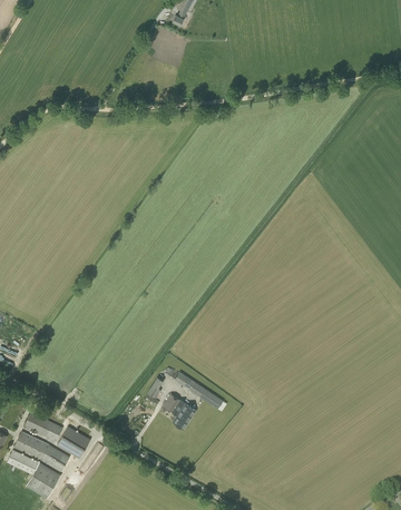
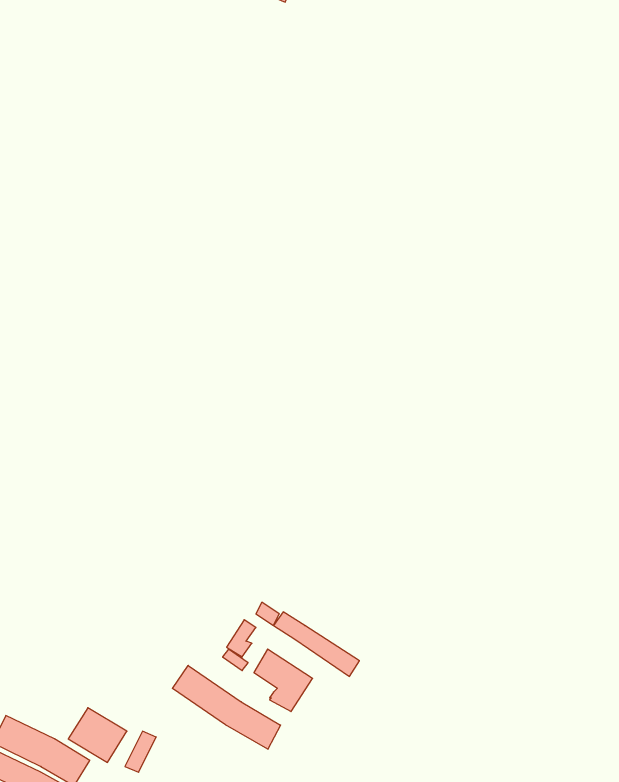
building: none -> [172,665,281,749]
building: [25,412,62,443] -> none

